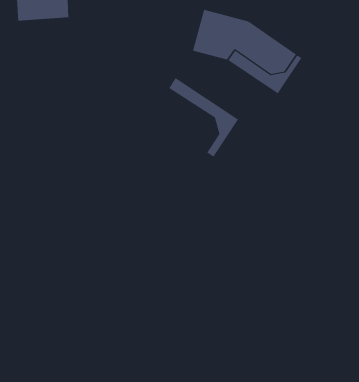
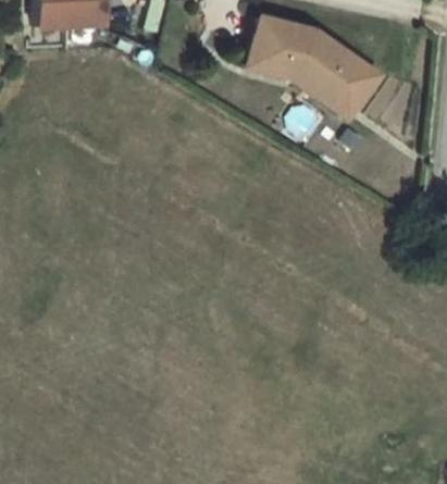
building: [168,77,239,158] -> none

